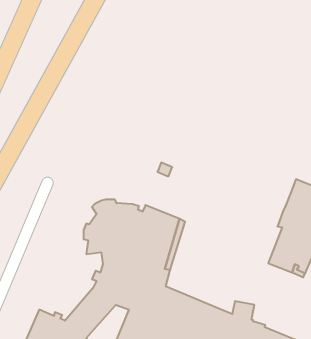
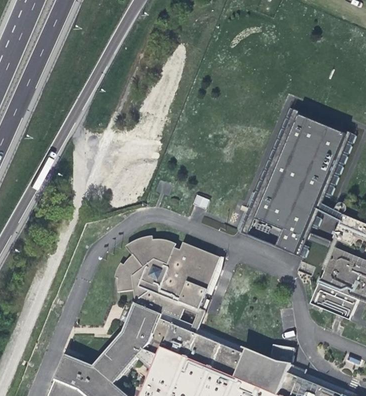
building: none -> [241,110,349,259]

